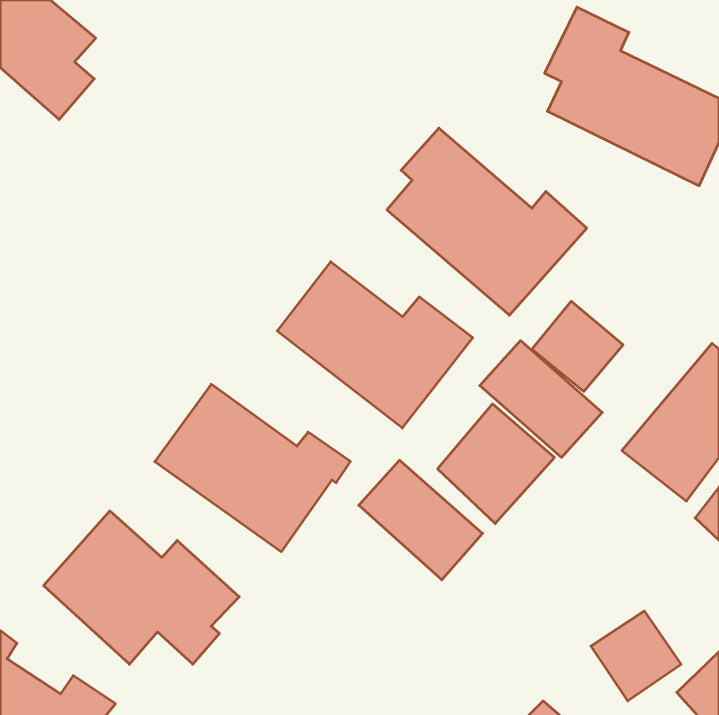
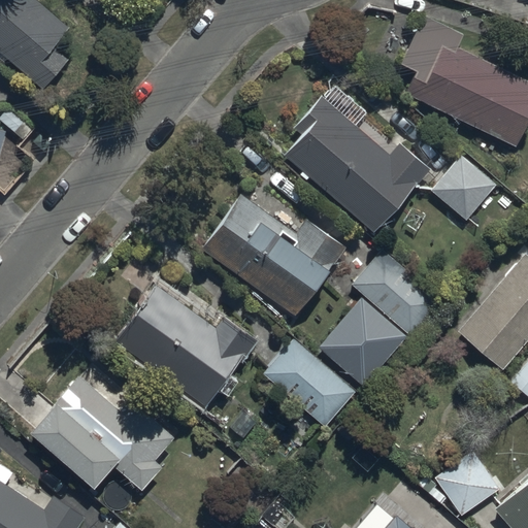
building: [532,301,623,391] -> [430,158,497,224]

